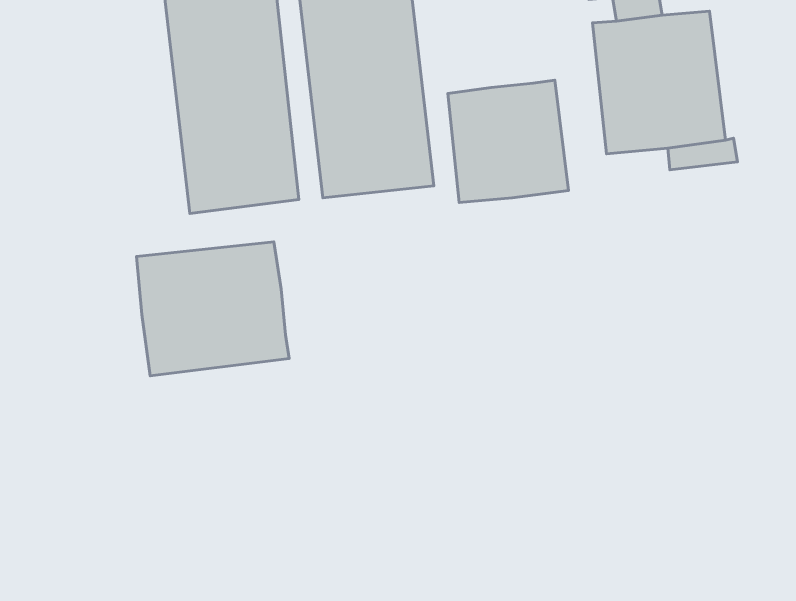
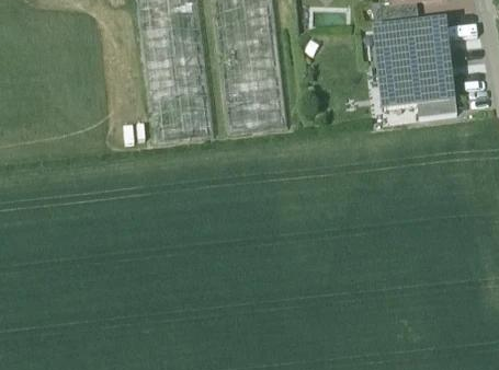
building: [448,80,569,203] -> none
building: [136,242,289,376] -> none

